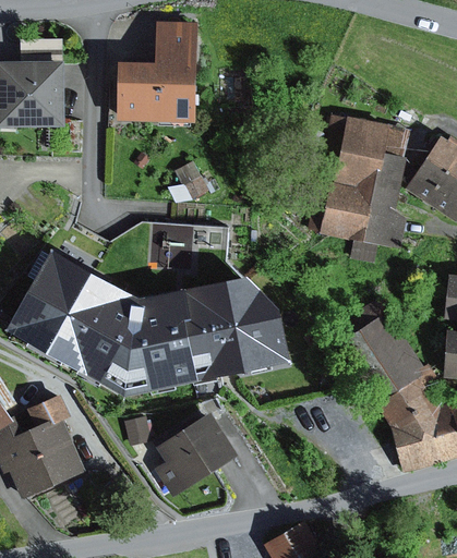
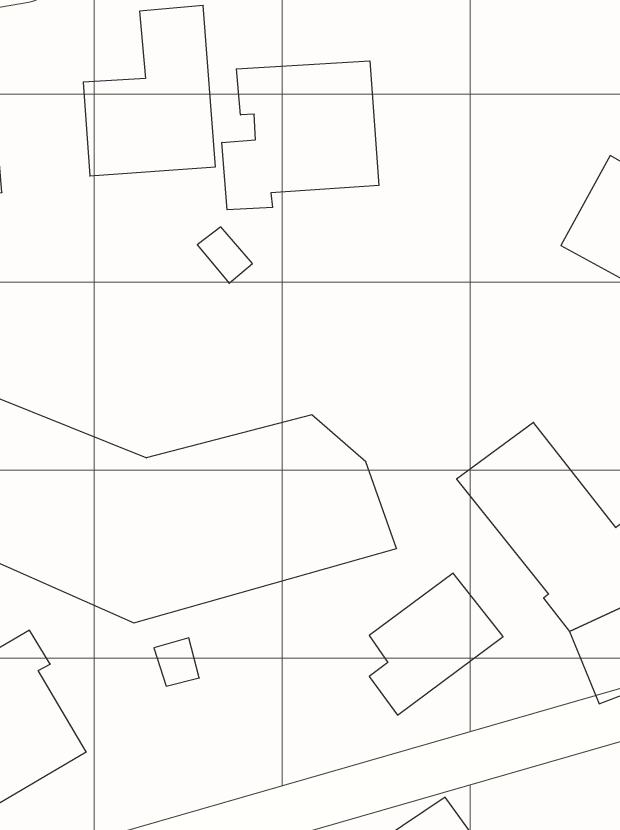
building: none -> [222,61,379,210]
building: [310,113,407,258] -> none
building: [152,413,236,497] -> [369,573,503,715]

